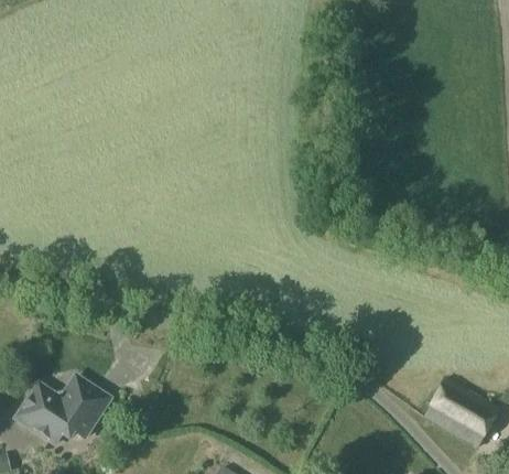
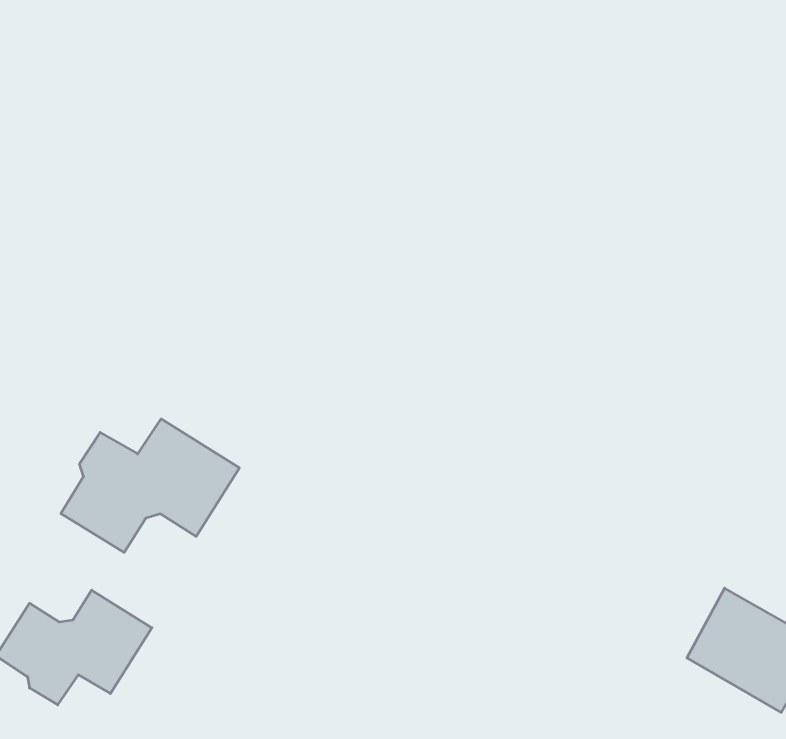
building: none -> [61,419,239,552]

